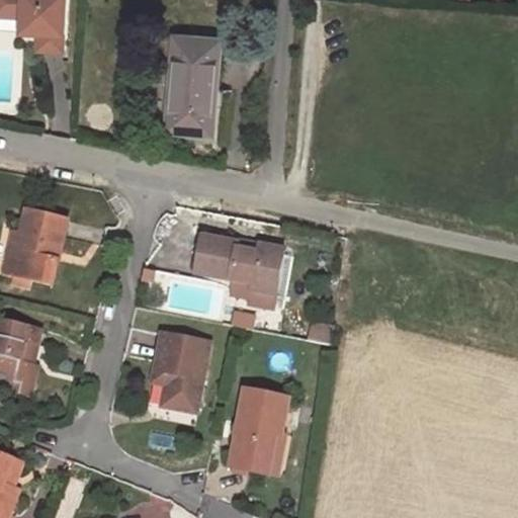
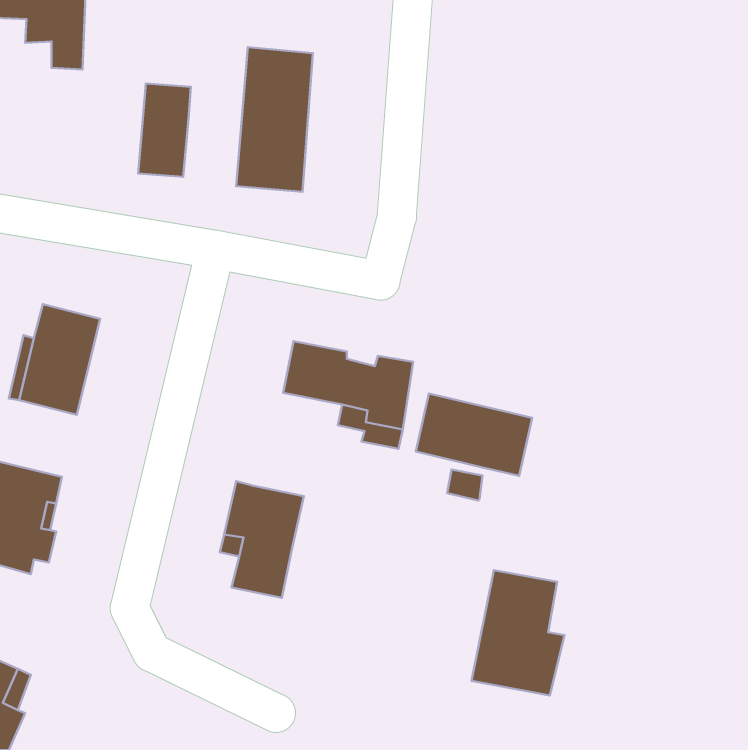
building: none -> [138,83,191,177]
building: none -> [416,393,532,476]
building: [229,388,292,474] -> [472,570,565,696]

